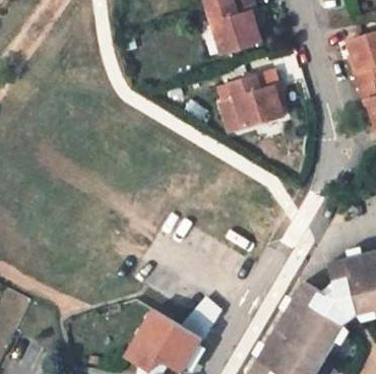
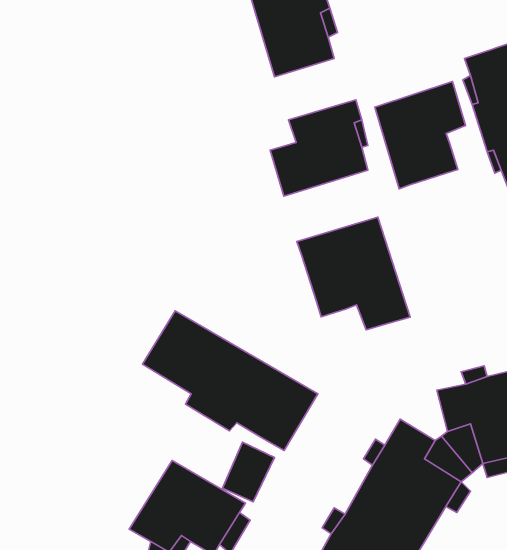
building: none -> [375,81,466,189]
building: none -> [297,217,410,330]
building: none -> [142,311,318,450]

